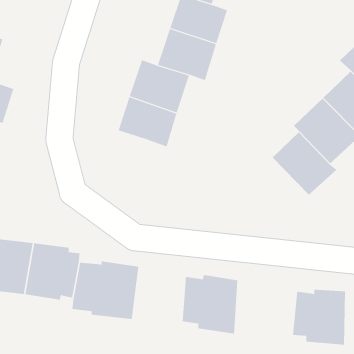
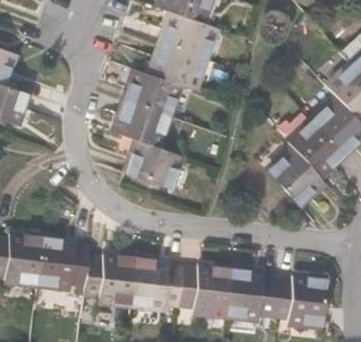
building: none -> [137,144,188,188]
building: none -> [134,257,181,308]
building: none -> [225,269,280,320]

